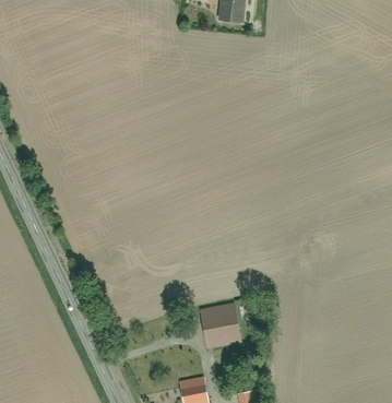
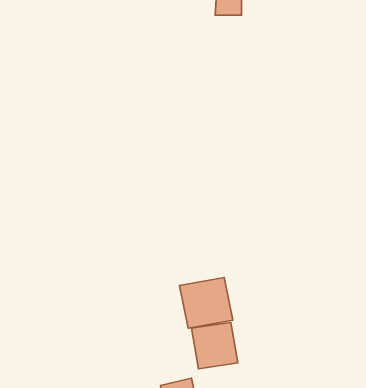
building: none -> [180,278,233,328]

